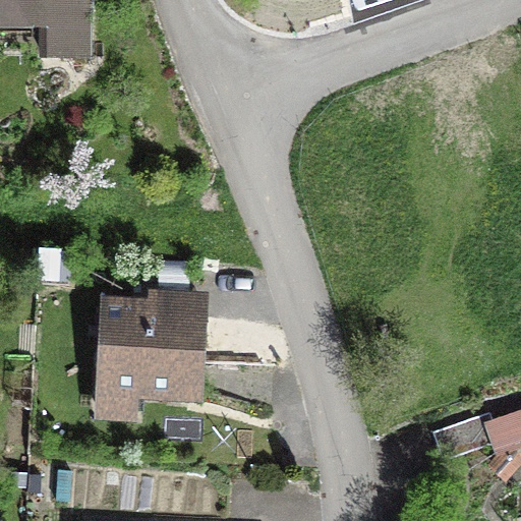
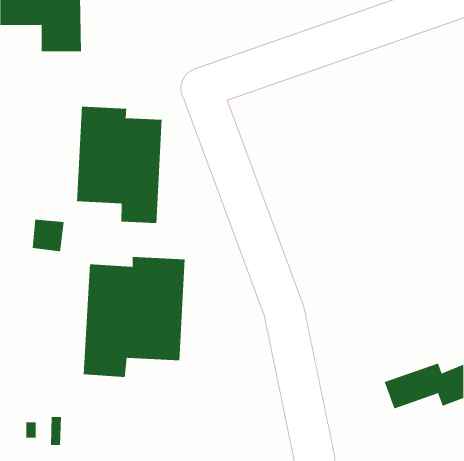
building: none -> [76,106,162,224]

